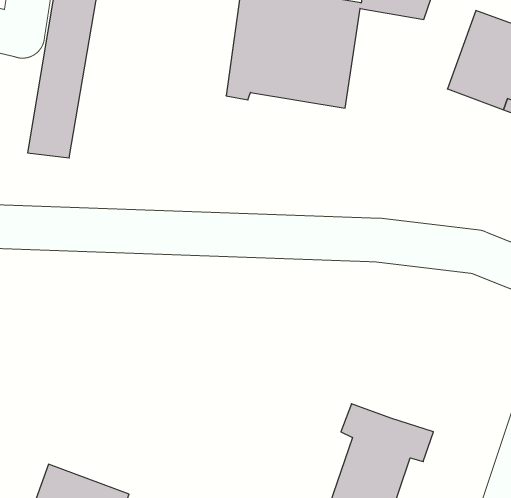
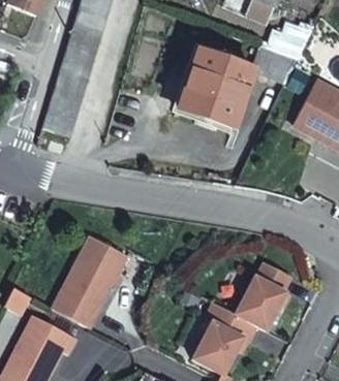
building: none -> [52,232,128,325]
building: none -> [235,259,292,328]

